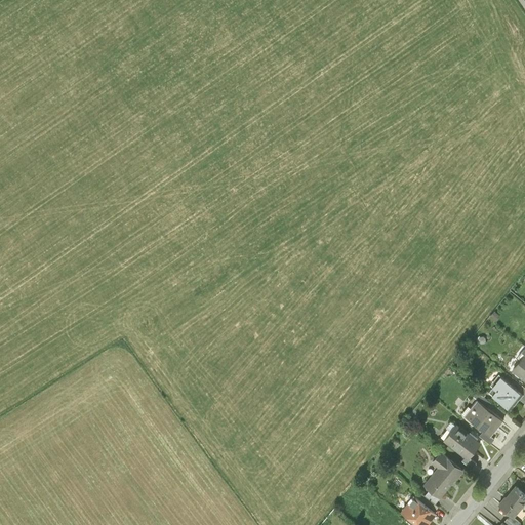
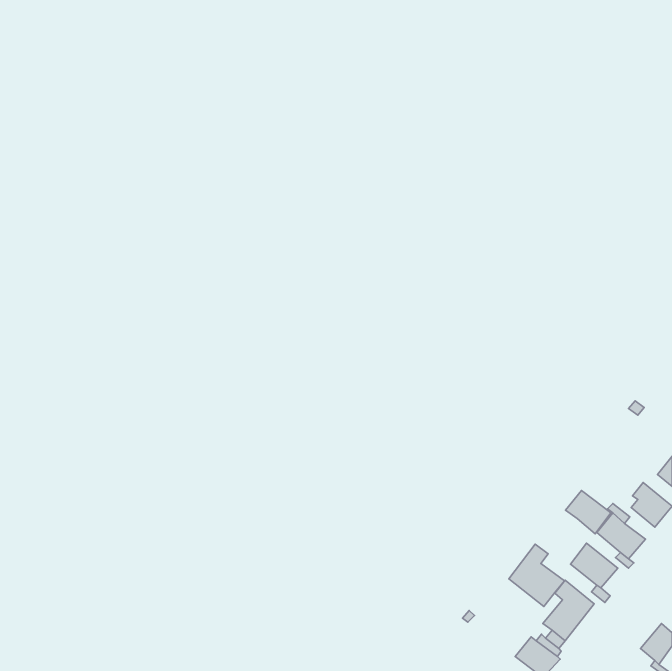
building: none -> [566,490,611,534]
building: none -> [509,544,565,607]

